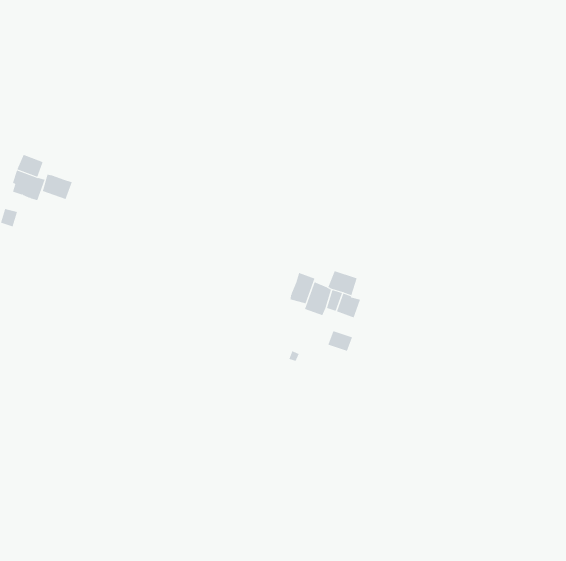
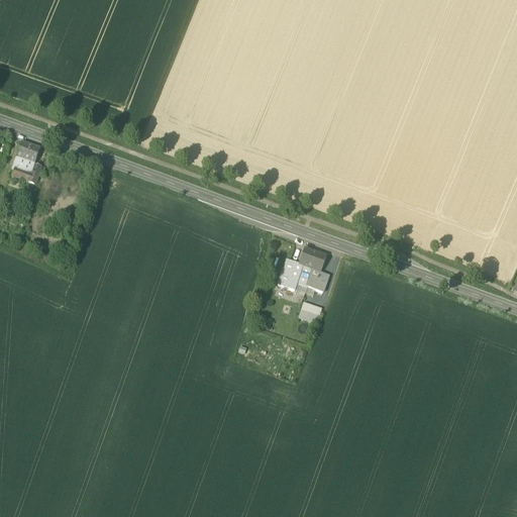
building: [42,174,73,200] -> none
building: [290,272,315,304] -> none

